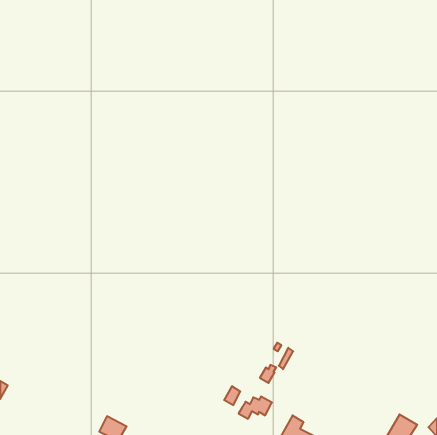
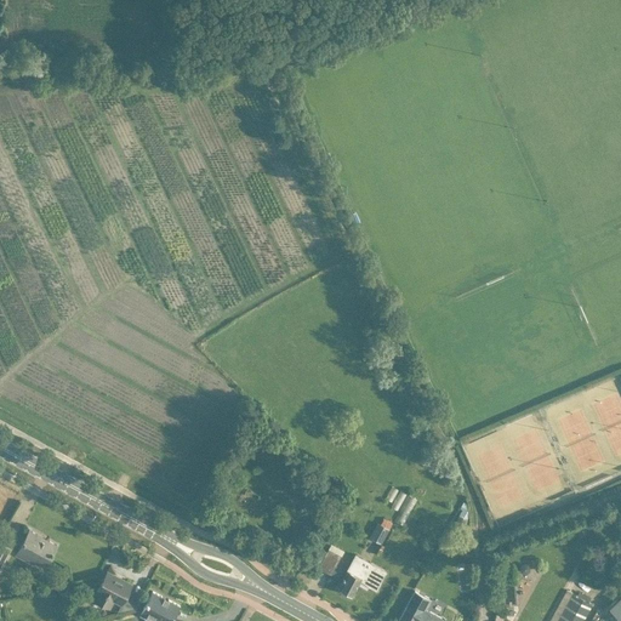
building: none -> [16,532,57,570]
building: none -> [93,574,137,615]

